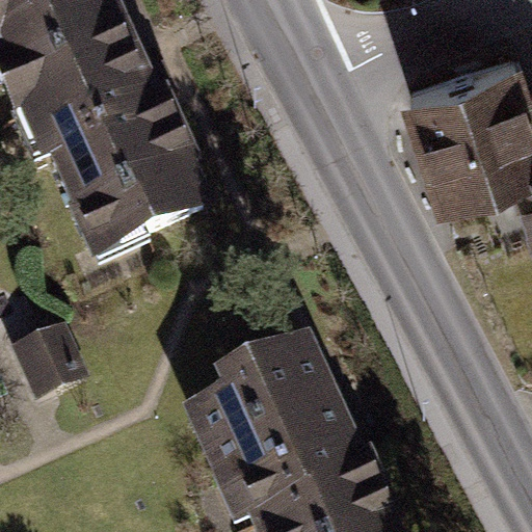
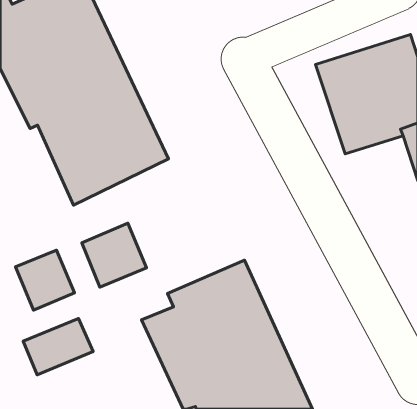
building: none -> [82,223,146,287]
building: none -> [23,319,93,375]

